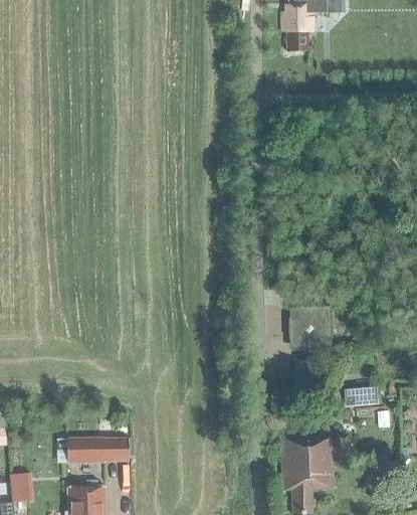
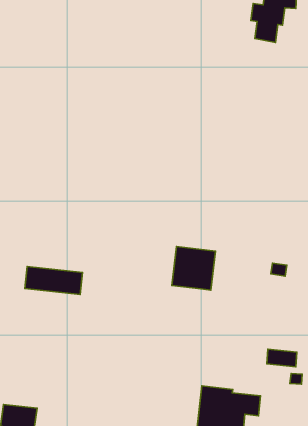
building: [288,306,333,350] -> [172,247,215,290]
building: [66,438,129,464] -> [25,267,82,294]

